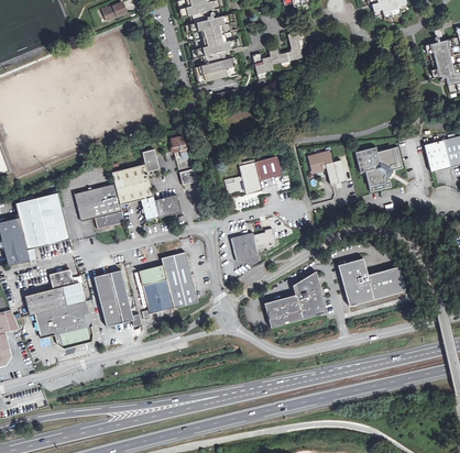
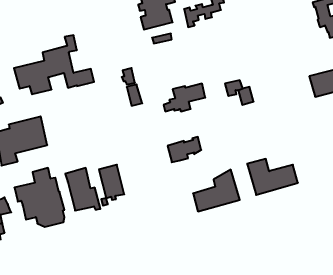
building: [354,146,403,191] -> none
building: [74,148,182,228] -> [14,35,94,94]
building: [162,251,197,303] -> none

